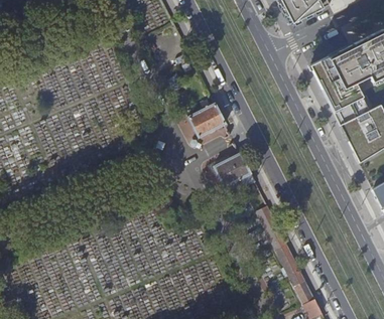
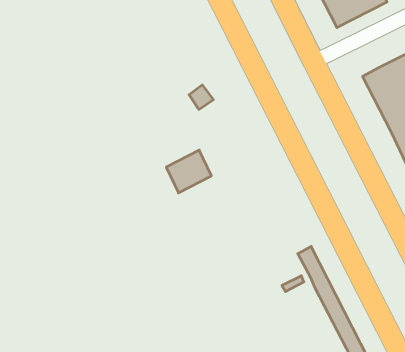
building: [189,102,227,137] -> [166,150,211,193]
building: [216,152,257,186] -> none

